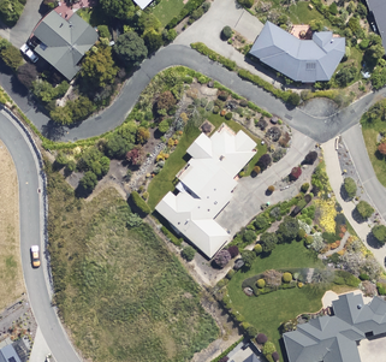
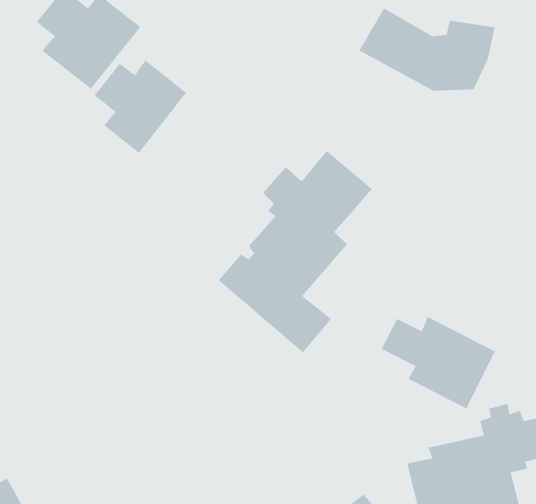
building: none -> [94,60,187,154]
building: none -> [381,316,496,409]

